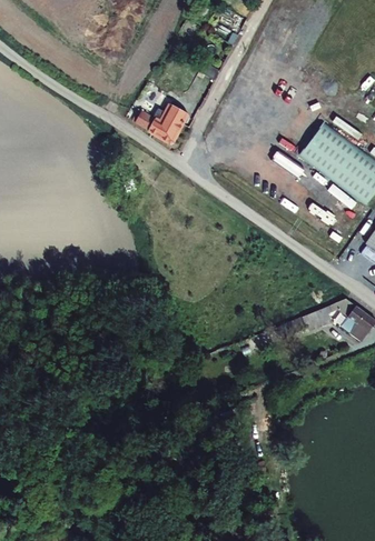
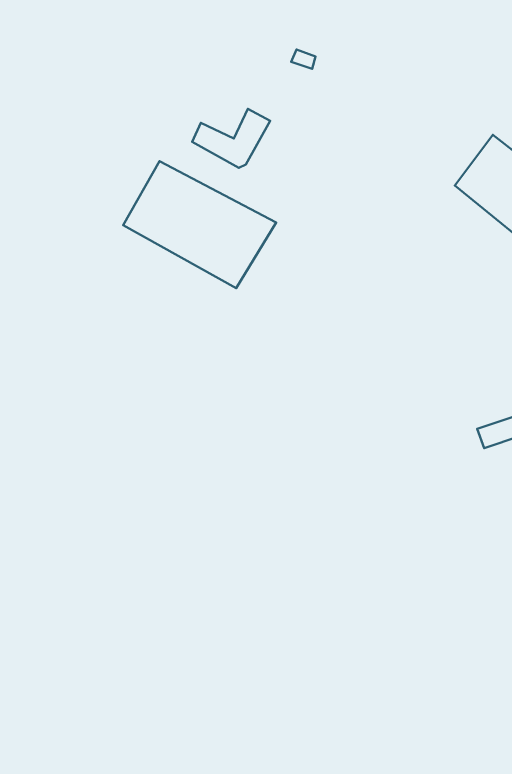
building: none -> [123,161,276,288]

